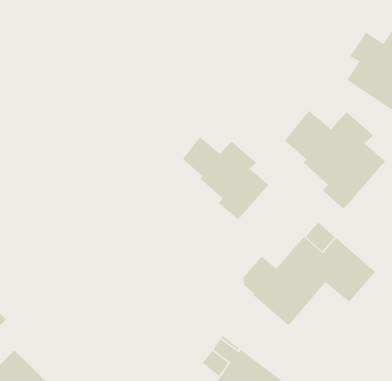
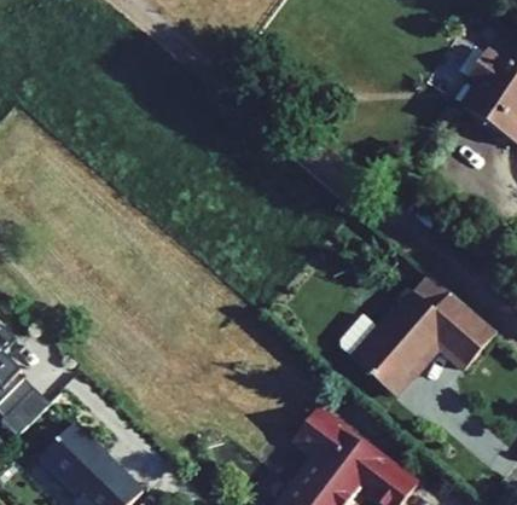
building: [284,110,386,210] -> none
building: [182,136,269,221] -> none

